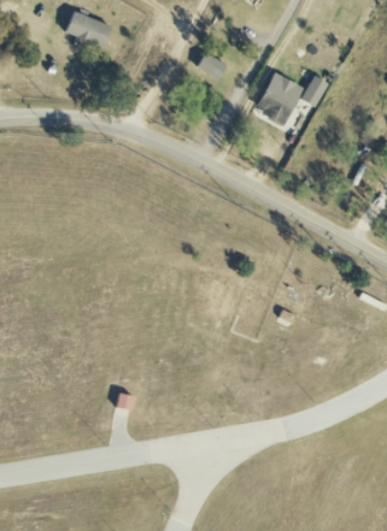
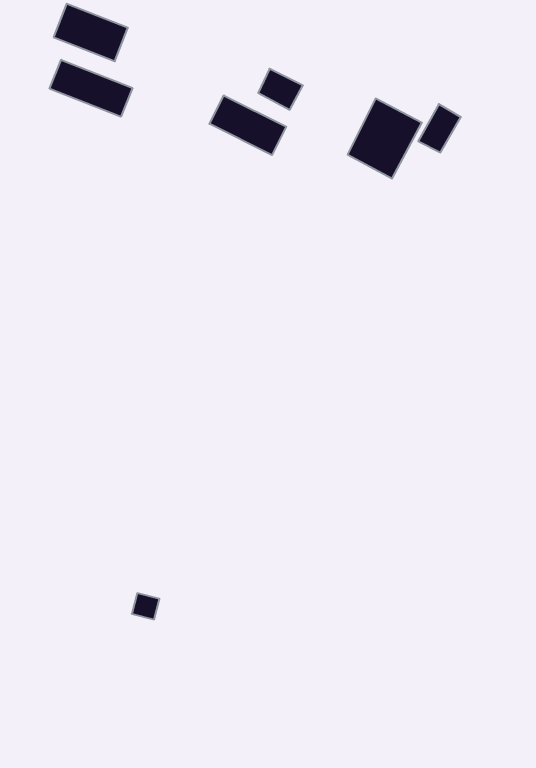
building: none -> [50,60,132,117]
building: none -> [209,95,286,155]

